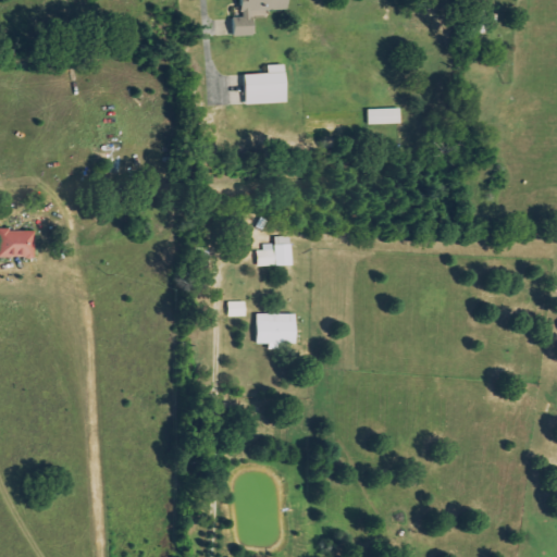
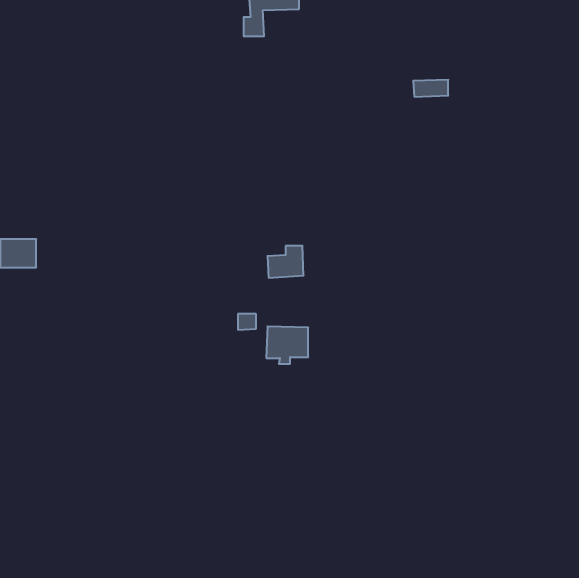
building: [244,64,286,104] -> none
building: [367,108,400,124] -> [413,80,448,97]

